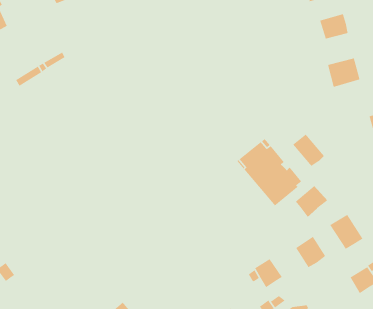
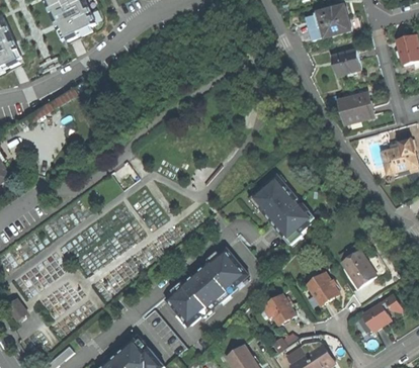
building: [292,133,325,167] -> none
building: [295,185,328,218] -> none
building: none -> [164,248,247,325]

